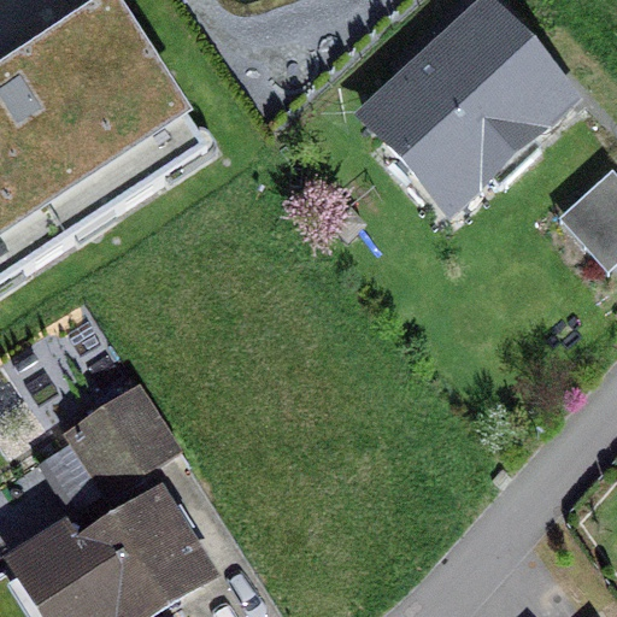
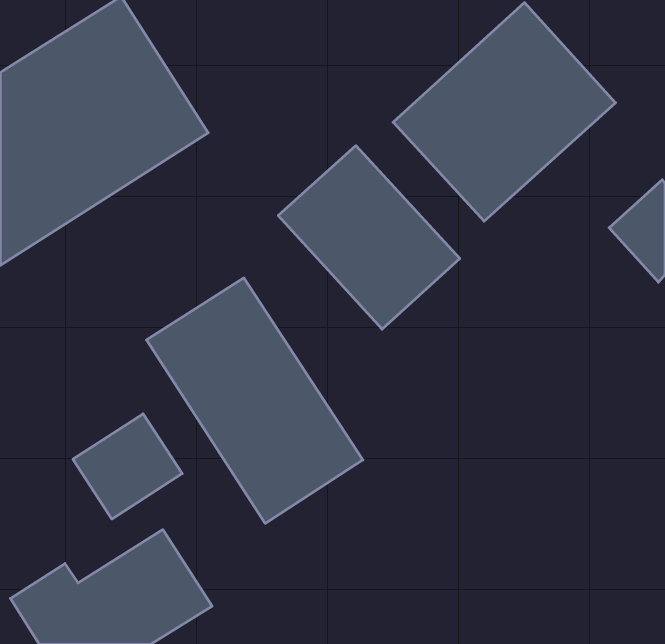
building: none -> [278,146,460,329]
building: none -> [146,278,363,523]

